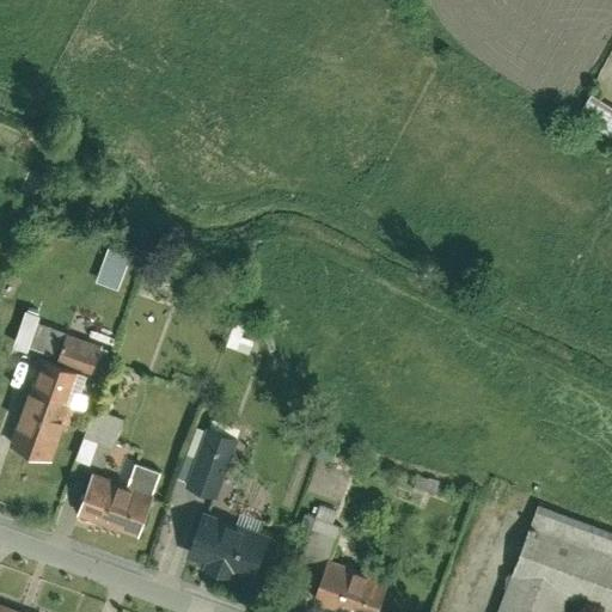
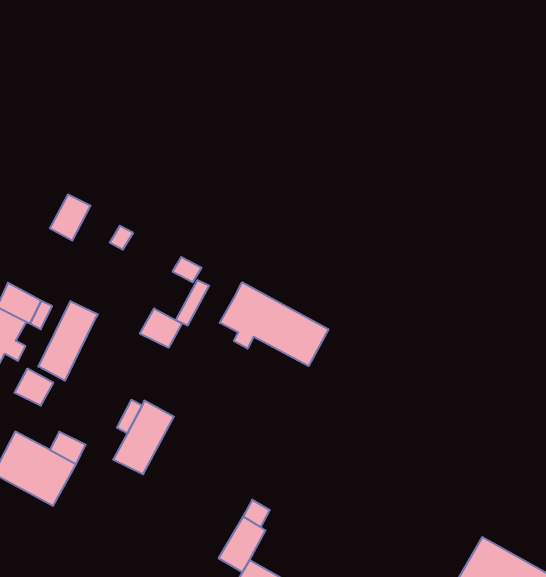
building: none -> [220,282,328,366]
building: none -> [140,308,182,348]
building: none -> [38,301,98,381]
building: [185,513,270,582] -> none

